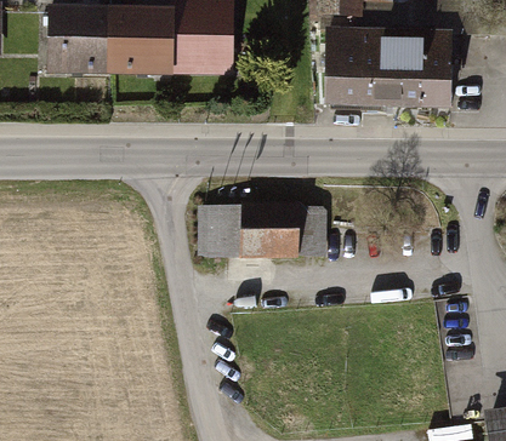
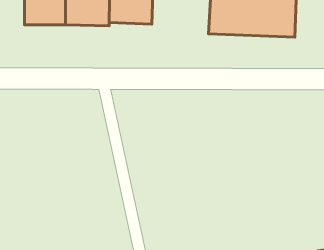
building: [199,202,330,254] -> none

